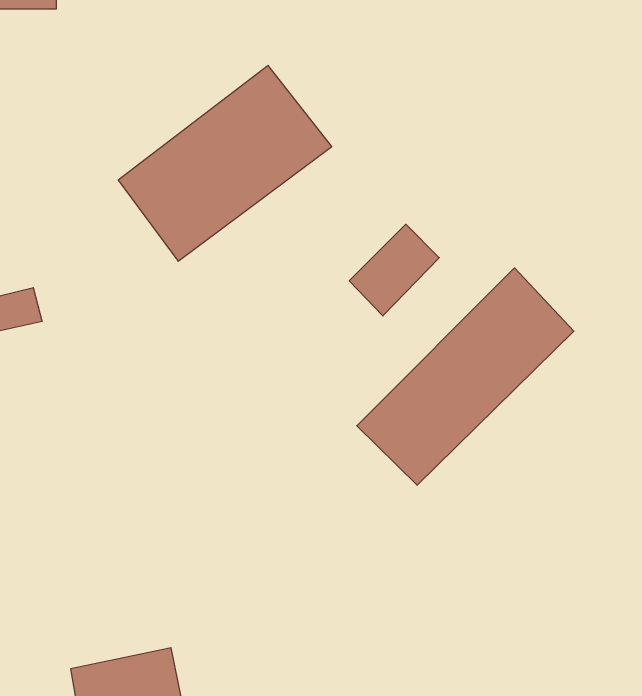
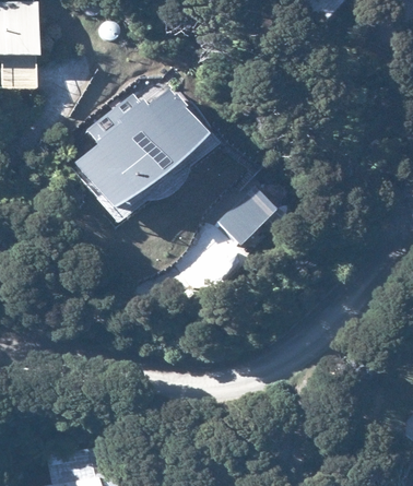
building: [357,268,574,485] -> none

